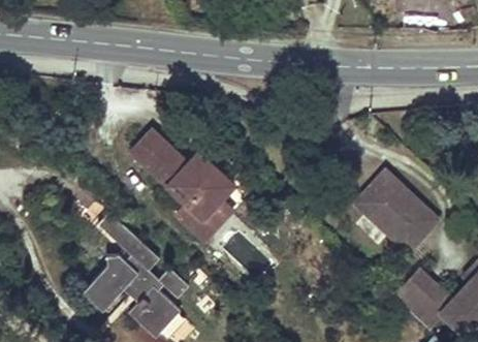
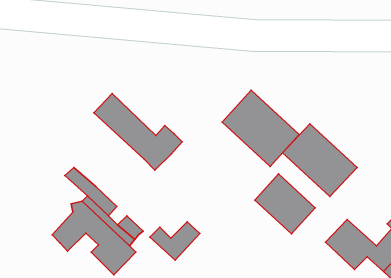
building: none -> [222,90,299,166]
building: [178,198,234,242] -> [150,222,200,260]
building: none -> [255,174,315,234]

